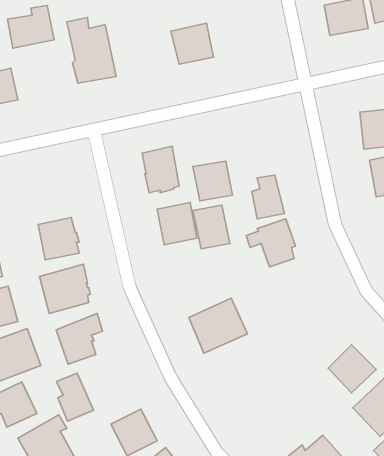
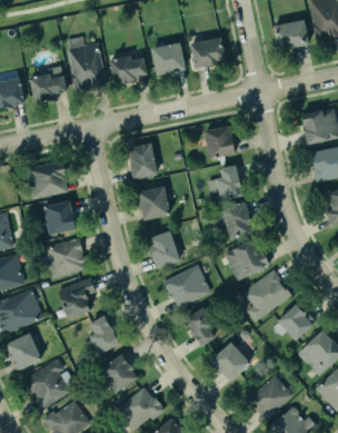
building: [8,6,54,48] -> [30,67,68,101]
building: none -> [190,37,226,68]
building: none -> [109,55,147,83]
building: [193,161,233,201] -> [205,127,237,159]
building: none -> [26,161,68,200]
building: [193,205,230,249] -> [150,233,180,268]
building: none -> [225,240,271,282]
building: none -> [242,270,292,323]
building: none -> [183,306,215,346]
building: [56,373,93,421] -> [90,316,120,355]
building: none -> [212,343,251,382]

